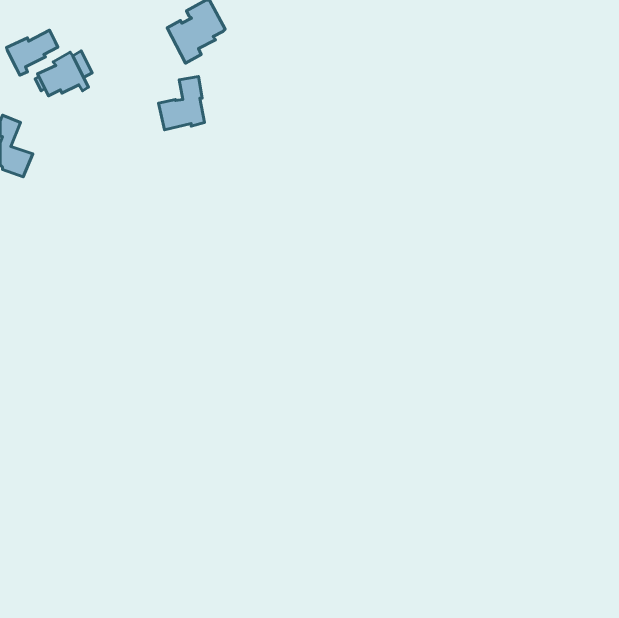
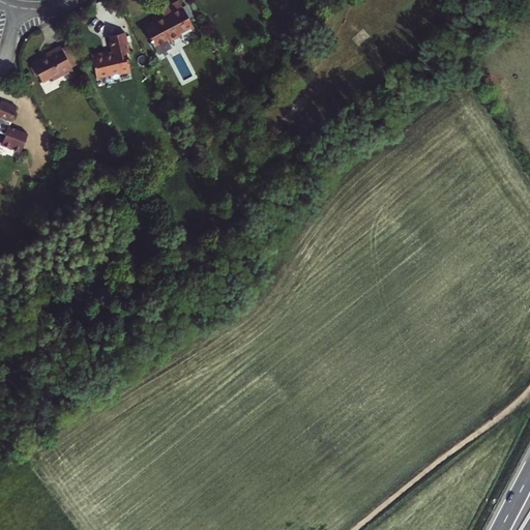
building: [7,30,58,75] -> none
building: [159,76,205,130] -> [90,33,129,79]

